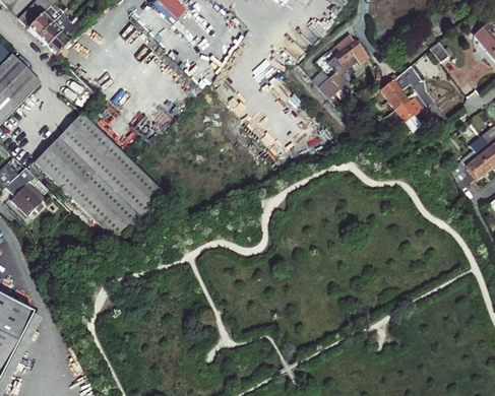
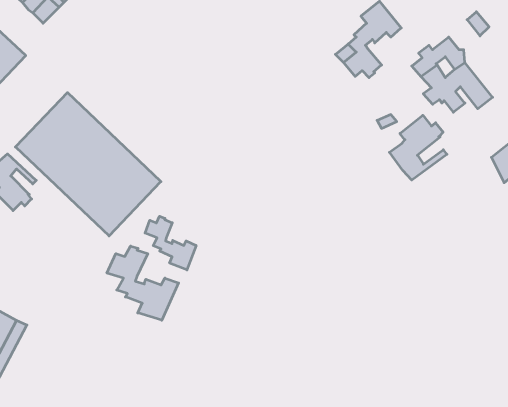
building: none -> [389,115,447,180]
building: none -> [145,216,196,270]
building: none -> [107,246,179,320]

